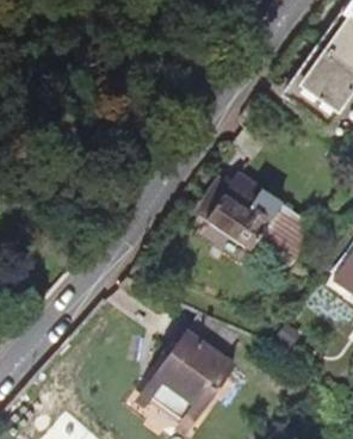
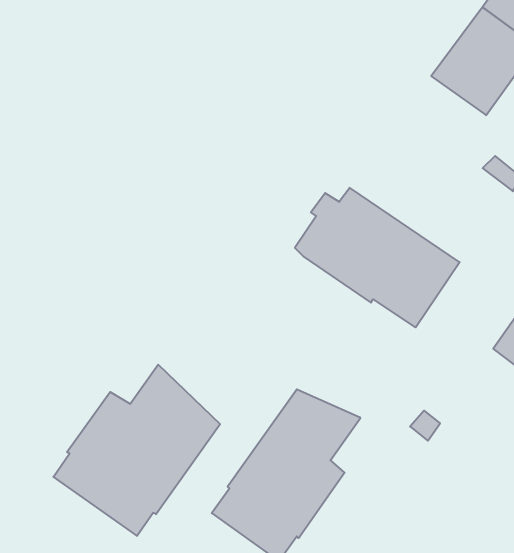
building: none -> [53,365,220,536]

